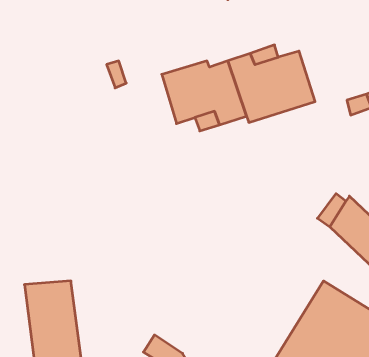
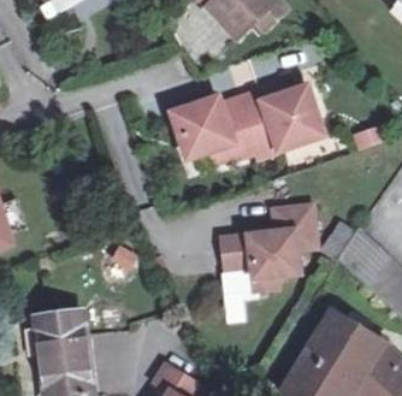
building: none -> [220,203,315,289]

